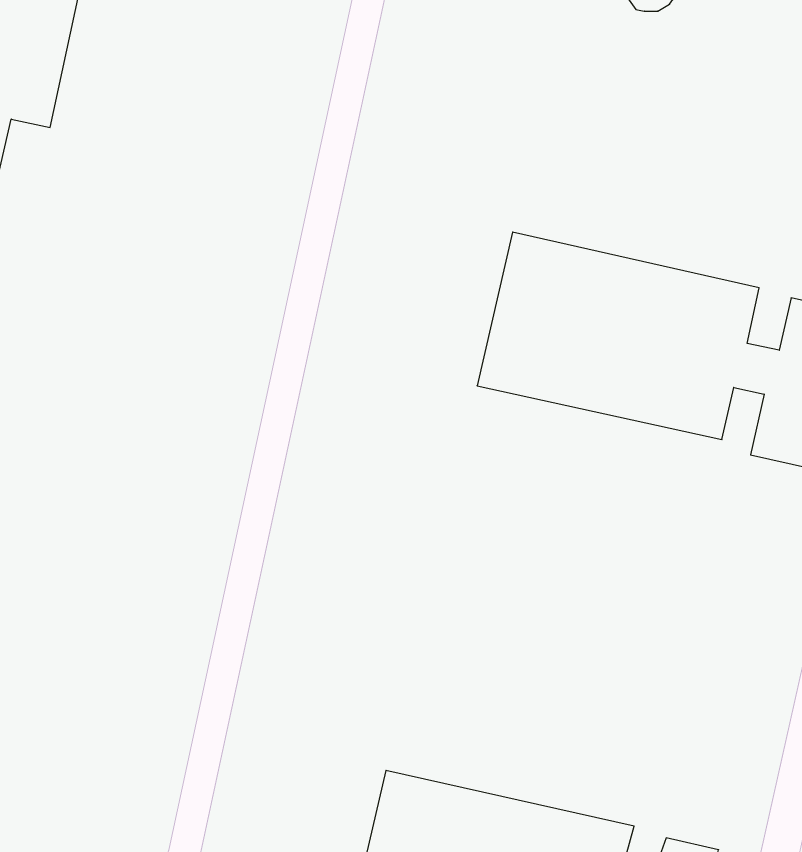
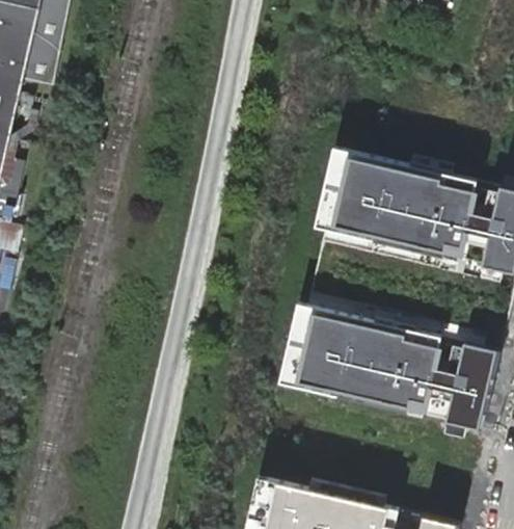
building: none -> [281,301,504,432]

